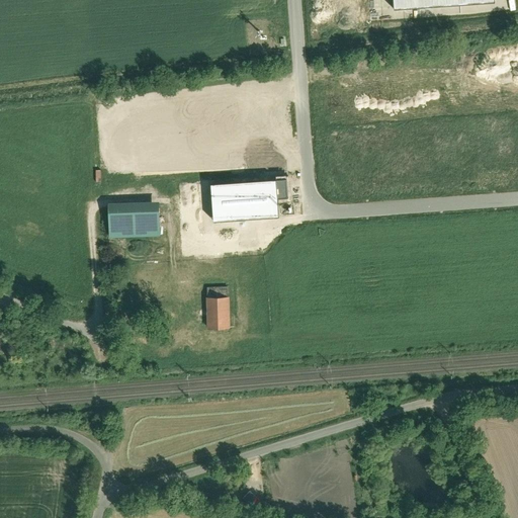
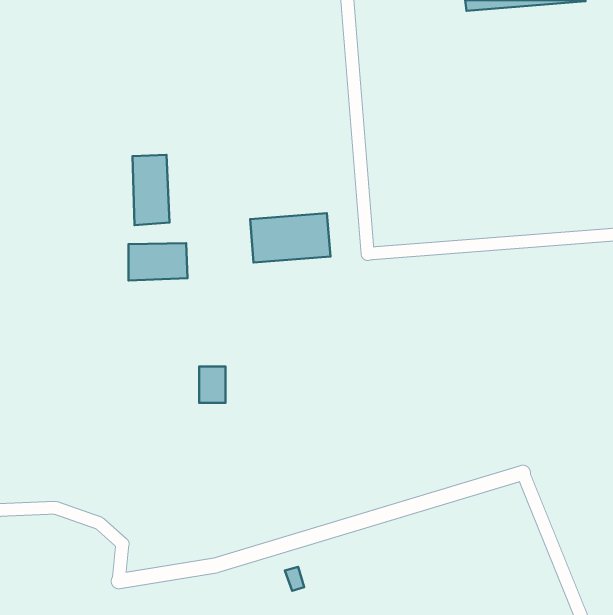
building: none -> [132,155,170,225]
building: [206,297,229,328] -> [199,367,226,403]

